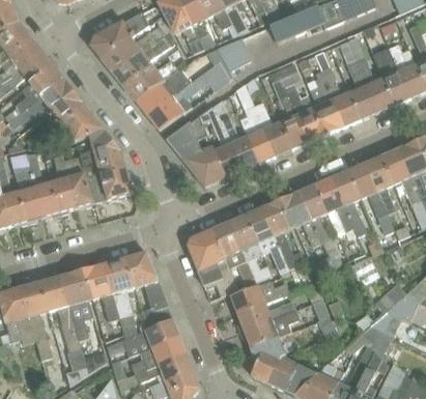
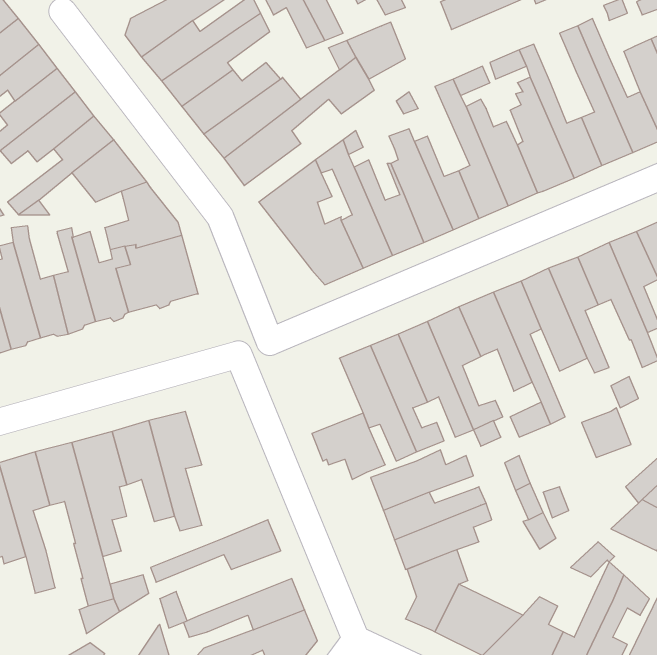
building: [187,227,226,269] -> none
building: [125,251,172,329] -> none
building: [131,336,186,372] -> none

